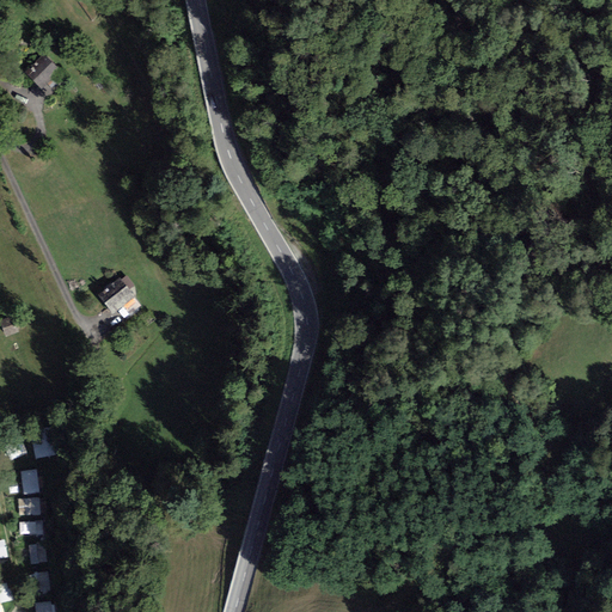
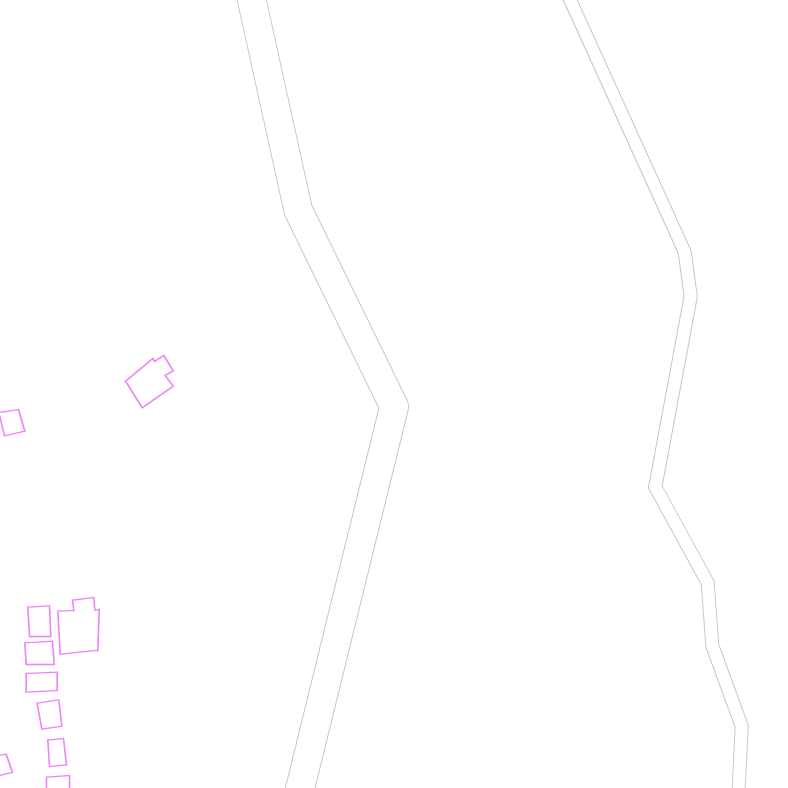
building: [23,54,60,91] -> none
building: none -> [58,598,99,654]

